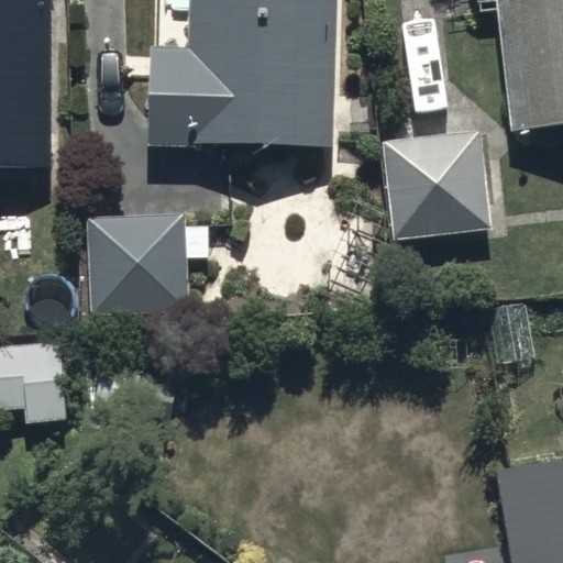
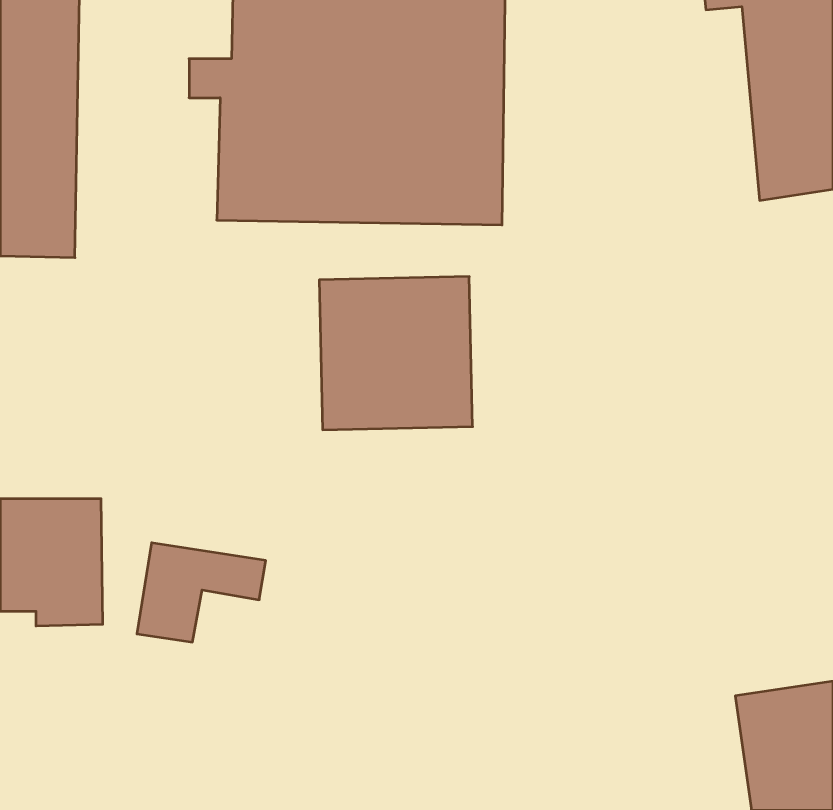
building: [378,126,492,236] -> none
building: [87,211,190,314] -> [319,277,473,430]

